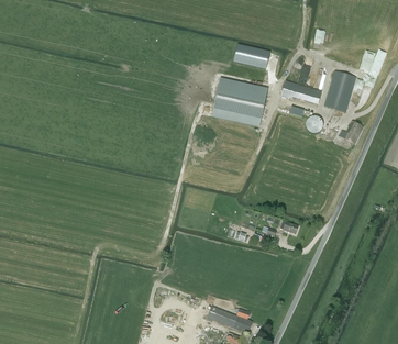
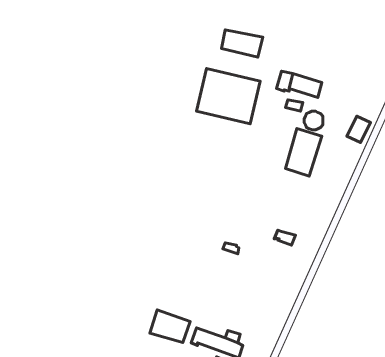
building: [324,69,356,111] -> [285,128,322,176]
building: none -> [150,310,190,343]

